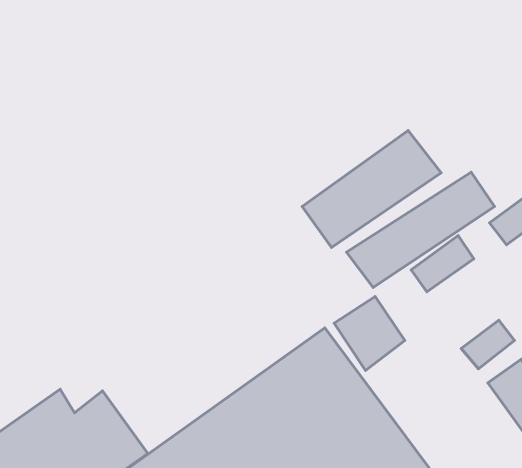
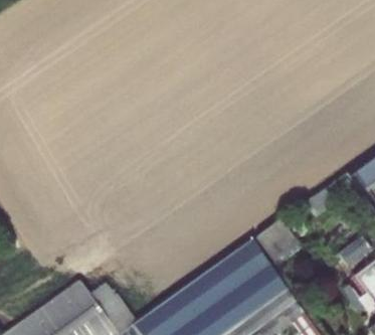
building: [302,131,441,247] -> none
building: [347,172,494,288] -> none

